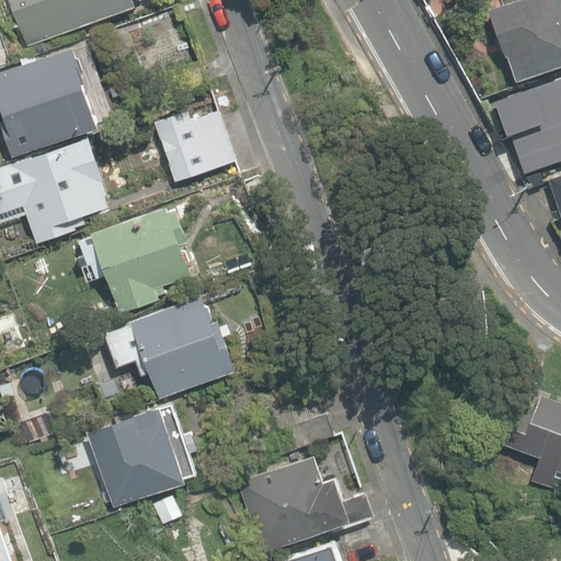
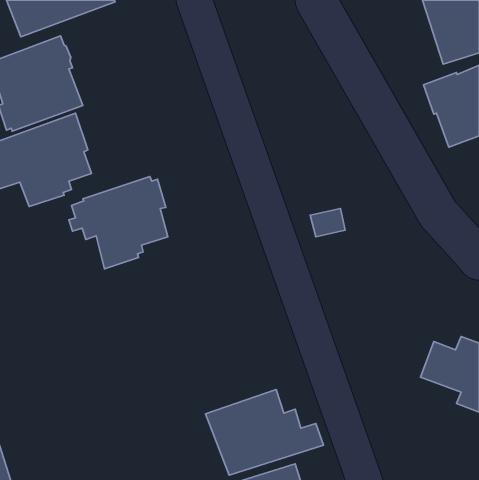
building: [152,102,233,182] -> none
building: [108,296,242,400] -> none
building: [90,403,202,508] -> none

